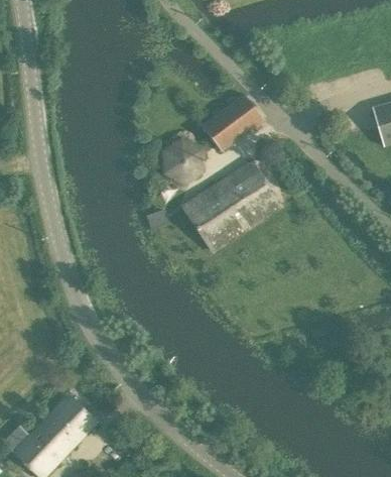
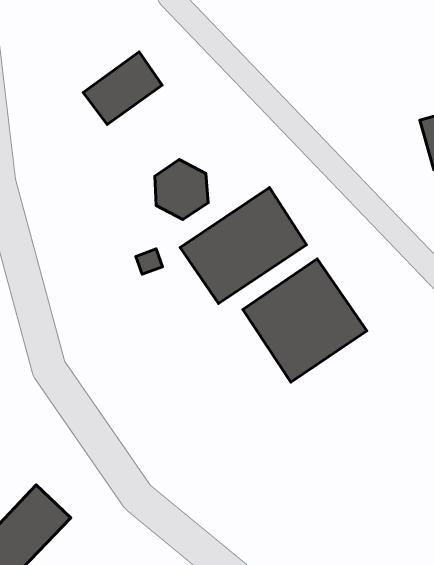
building: [203,93,265,150] -> [83,52,162,125]
building: none -> [243,259,367,382]

